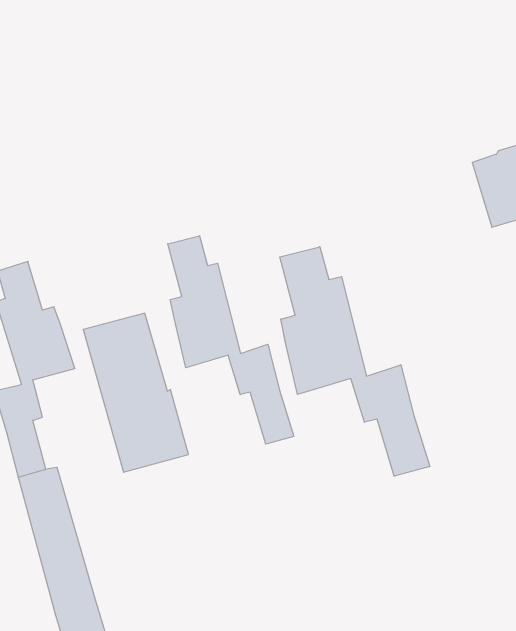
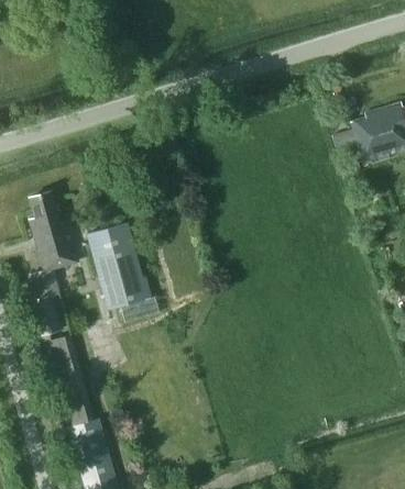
building: [168,236,294,444] -> none
building: [280,247,430,476] -> none

